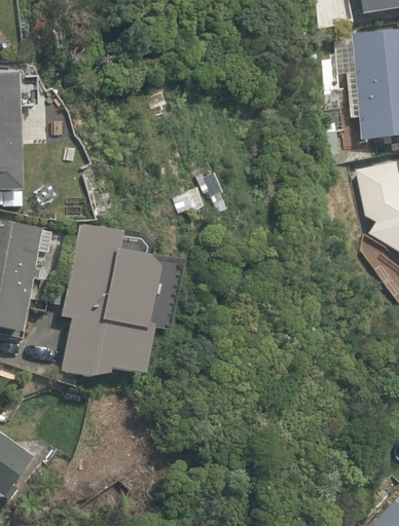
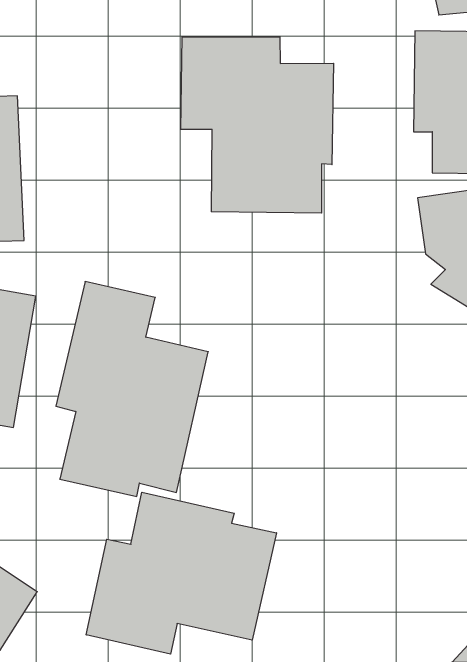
building: none -> [181,37,333,213]
building: none -> [86,492,276,654]

